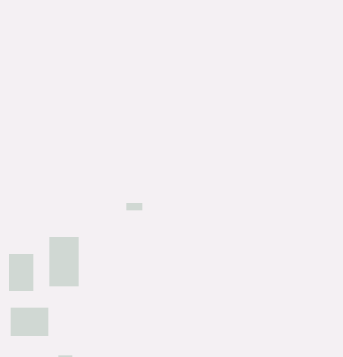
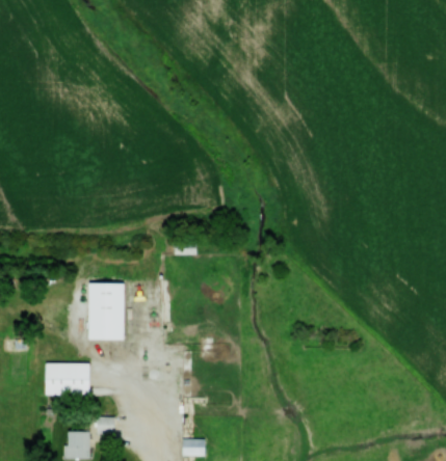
building: [9,253,34,292] -> none

